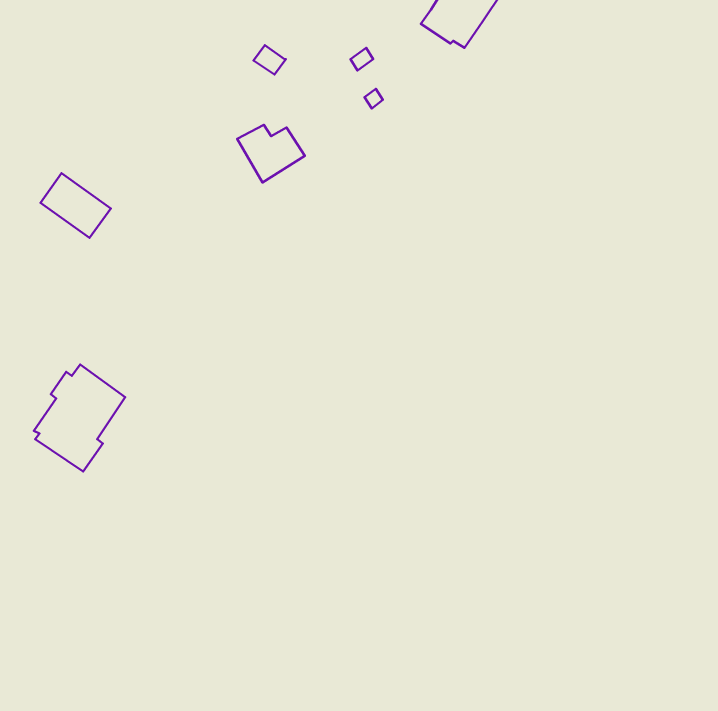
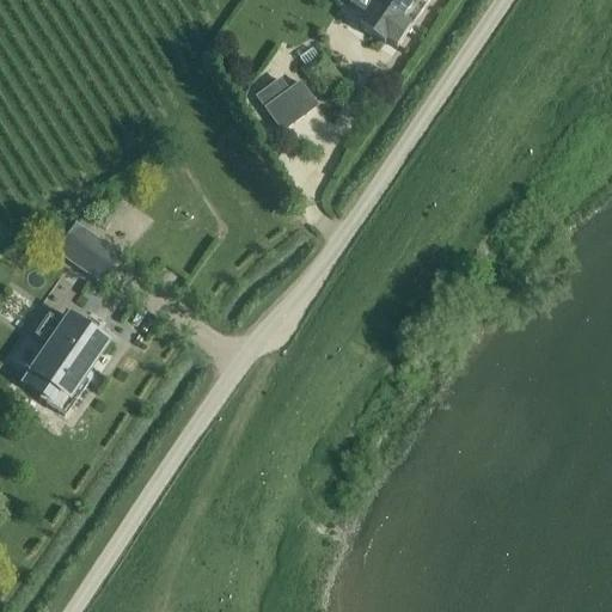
building: [237,125,305,183] -> [259,80,317,129]
building: [40,173,111,238] -> [57,220,117,275]

